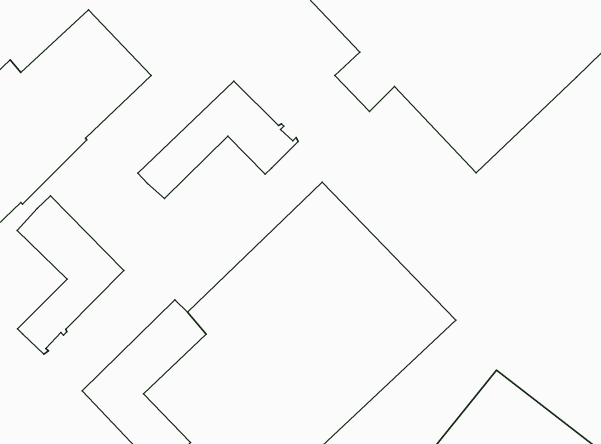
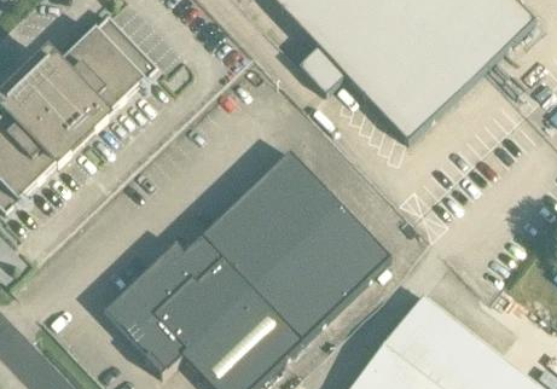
building: [138,81,298,198] -> none
building: [17,196,124,354] -> none

